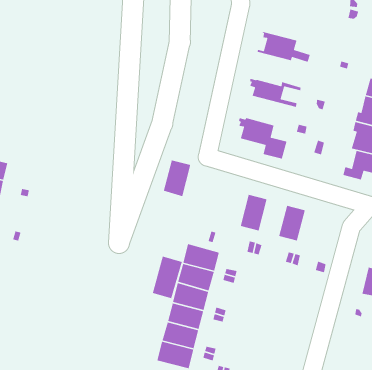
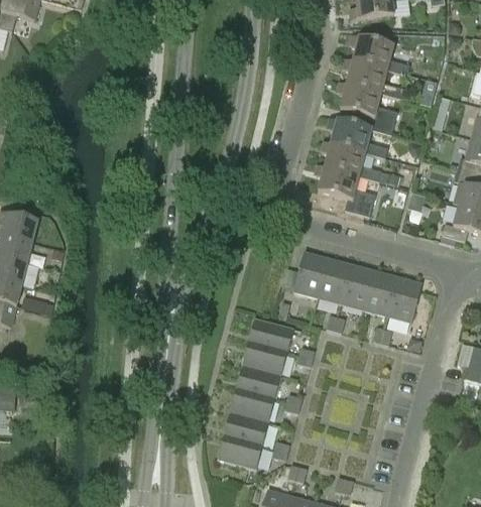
building: none -> [345,34,409,75]
building: none -> [338,86,397,128]
building: none -> [322,139,386,179]
building: [163,159,191,197] -> [293,251,328,296]
building: none -> [341,263,374,308]
building: none -> [387,276,422,322]
building: [152,255,183,299] -> none

